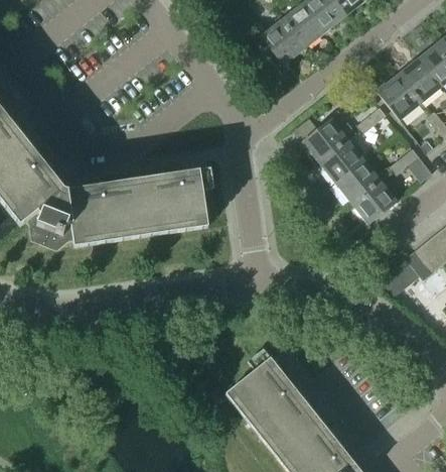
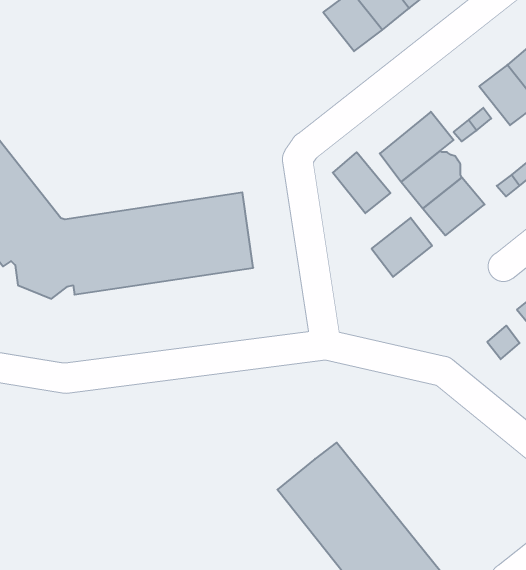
building: none -> [333,152,390,213]
building: [351,179,397,223] -> [372,218,432,277]

